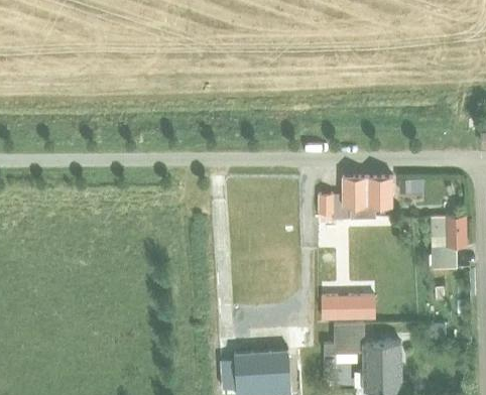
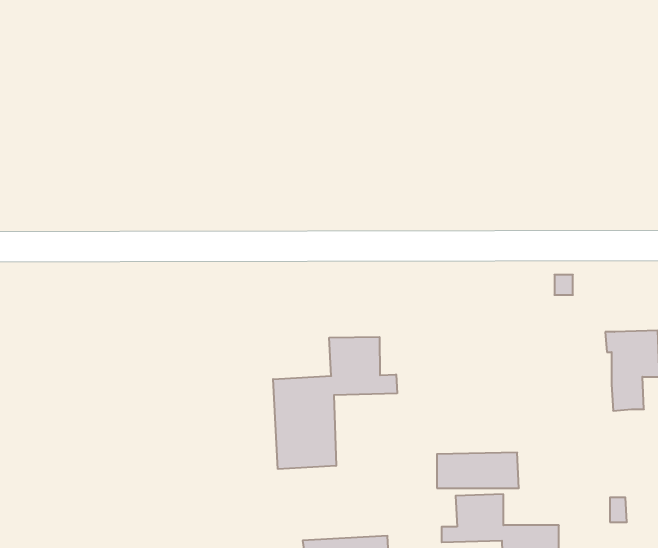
building: [319,177,392,219] -> none
building: none -> [273,337,397,469]

